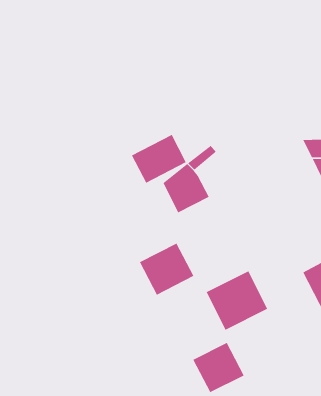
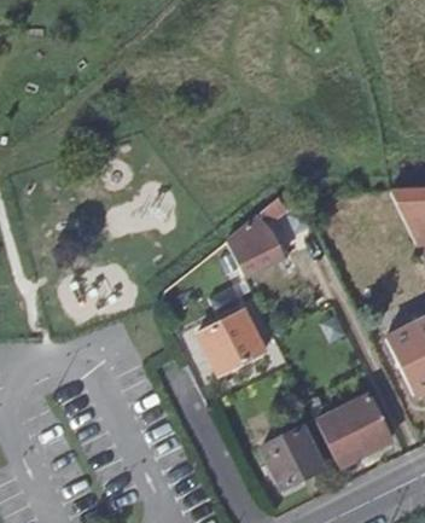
building: [131,134,187,184] -> none
building: [206,270,268,331] -> [318,395,391,466]

